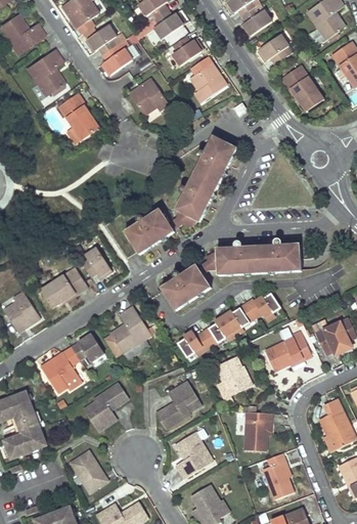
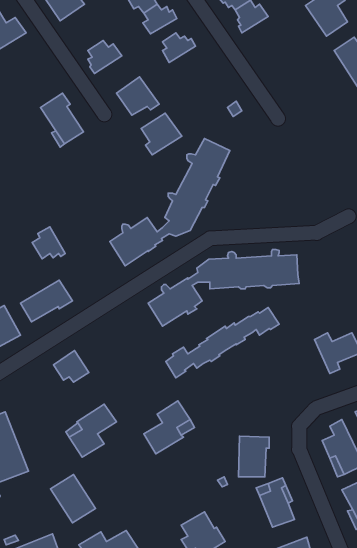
building: [87,24,119,53] -> none
building: [257,36,287,63] -> none
building: [27,48,65,95] -> none
building: [189,63,227,102] -> [141,113,182,155]
building: [280,66,322,111] -> none
building: [82,248,113,277] -> [32,227,65,259]
building: [109,307,151,353] -> none
building: [263,334,311,372] -> none
building: [42,346,86,390] -> none
building: [217,355,254,398] -> none
building: [174,430,215,478] -> none

